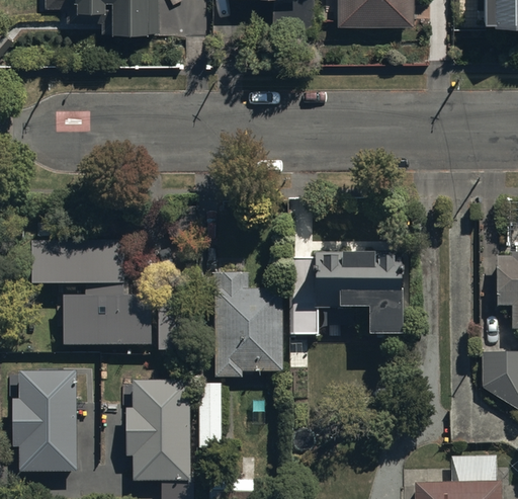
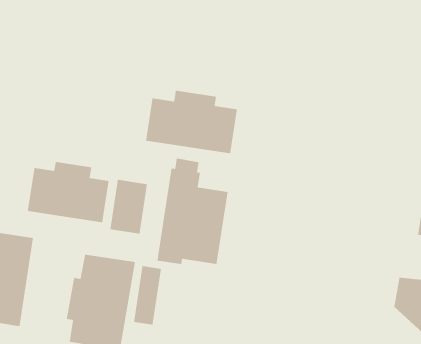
building: none -> [145,90,238,154]
building: [32,239,128,282] -> none
building: [289,251,401,335] -> none

